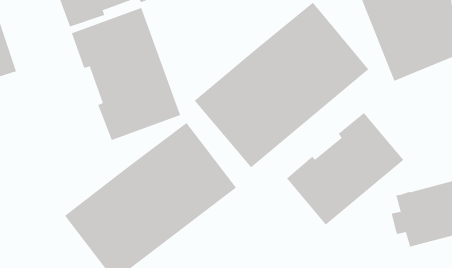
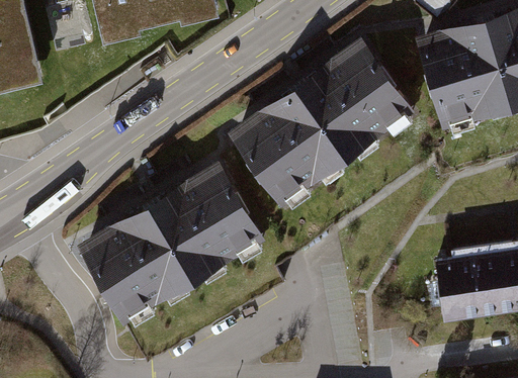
building: [71,7,181,141] -> none
building: [286,112,404,226] -> none

